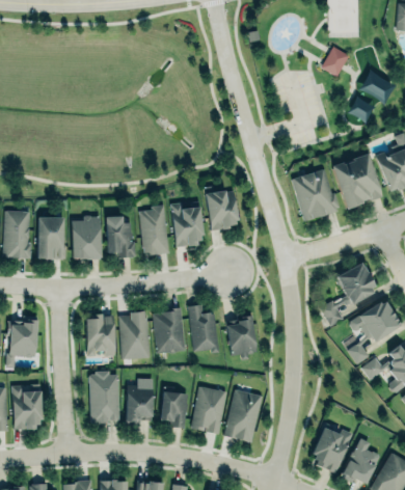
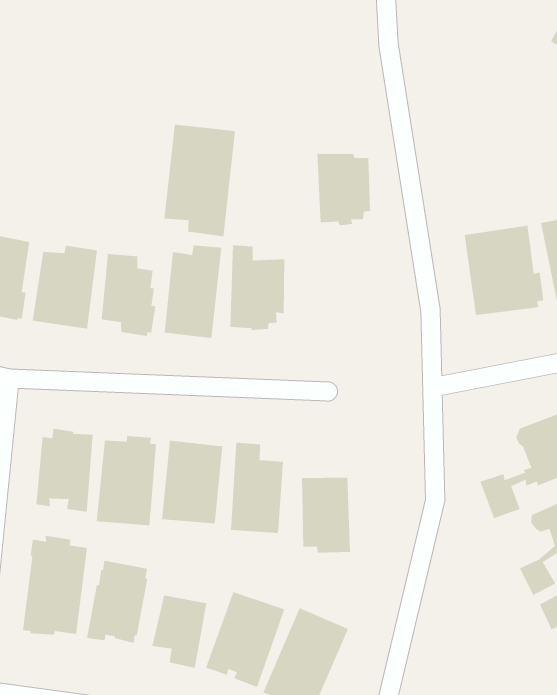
building: none -> [164,124,235,237]
building: [205,190,238,229] -> [317,153,371,226]

